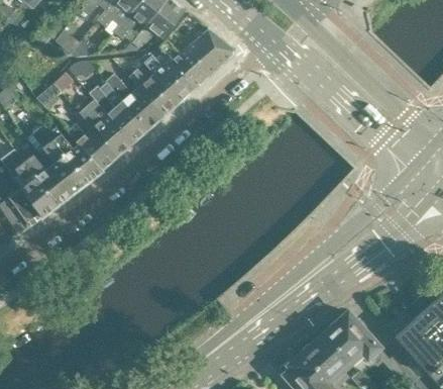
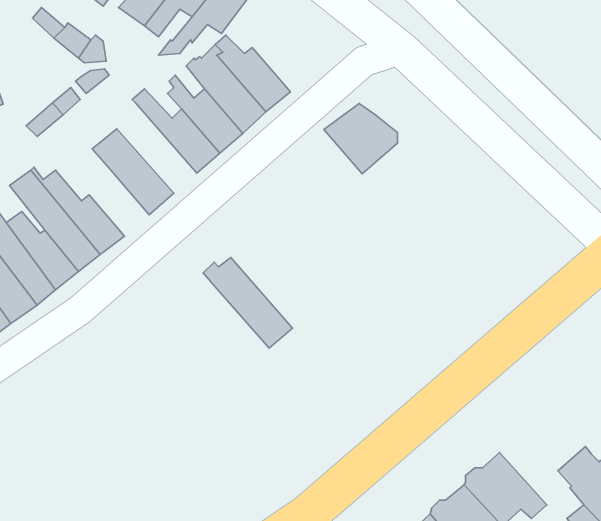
building: [186,30,234,77] -> [324,103,398,174]
building: [91,84,149,143] -> [203,258,292,348]
building: [69,124,118,172] -> none

